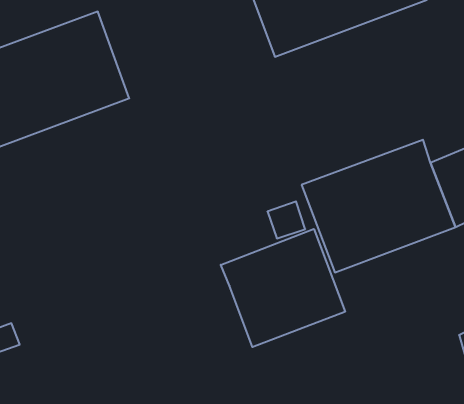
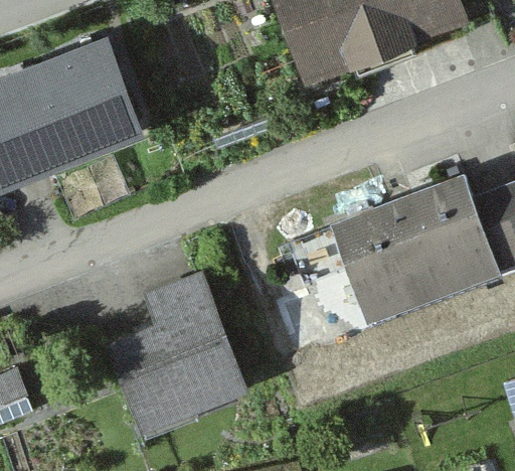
building: none -> [108,272,247,436]
building: [221,229,345,347] -> none

